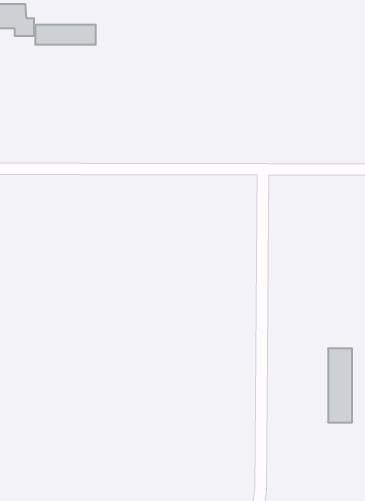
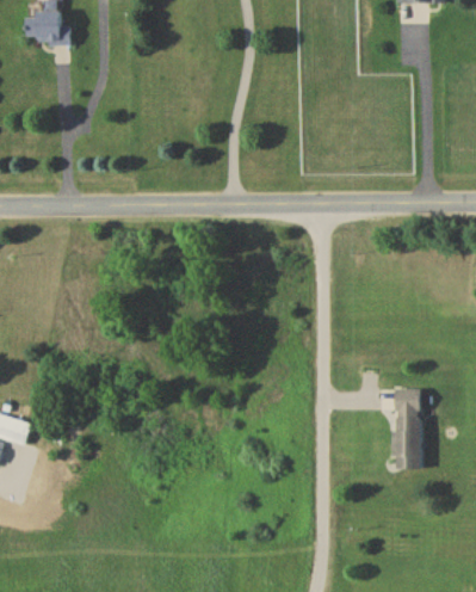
building: [36,25,96,45] -> none

